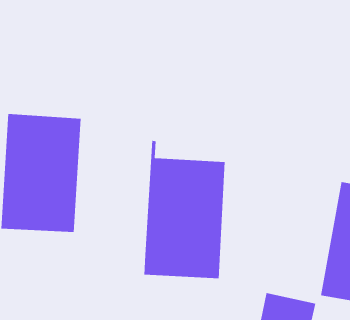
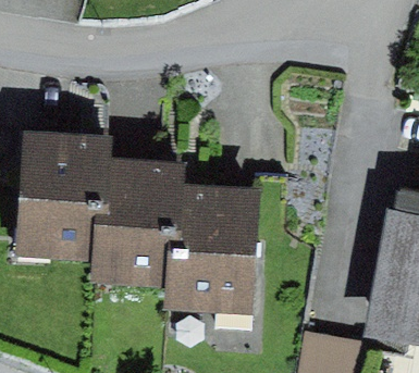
building: none -> [95,138,181,289]

